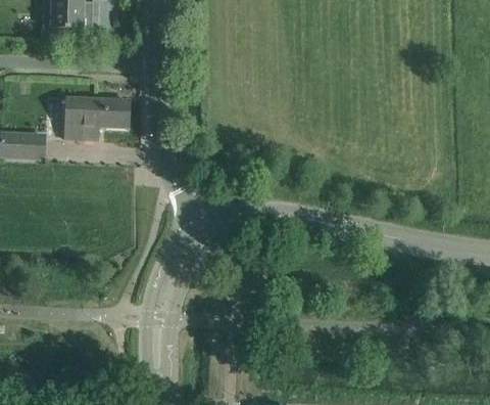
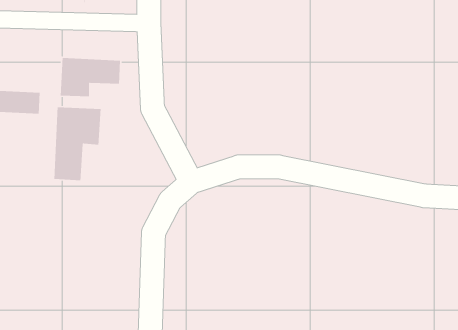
building: none -> [53,106,101,181]

